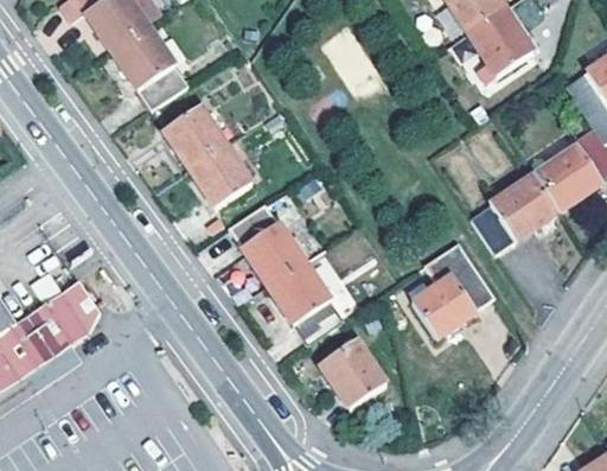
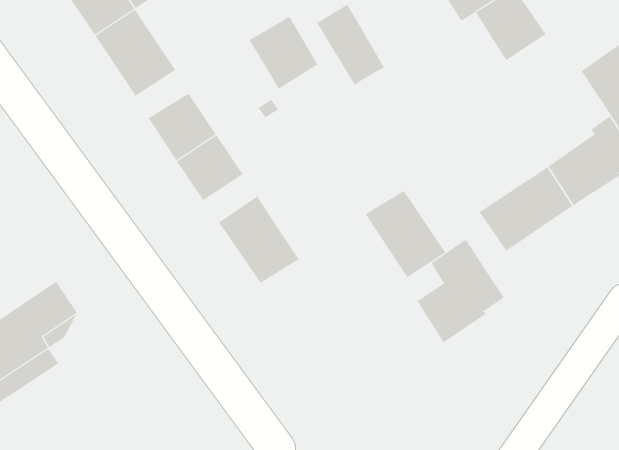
building: none -> [249,16,318,89]
building: [267,260,343,342] -> [365,190,446,278]
building: [318,338,386,407] -> none

